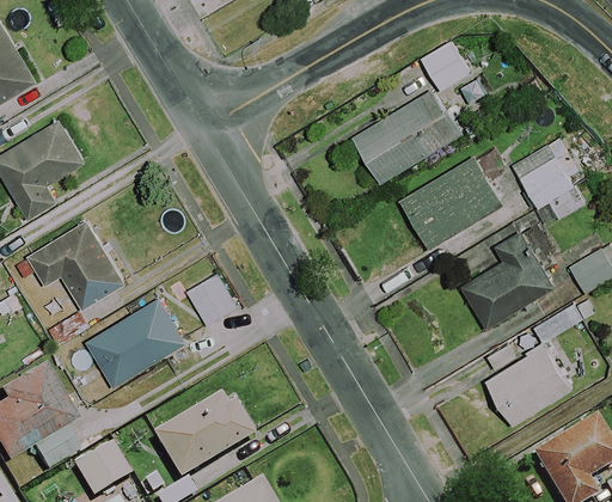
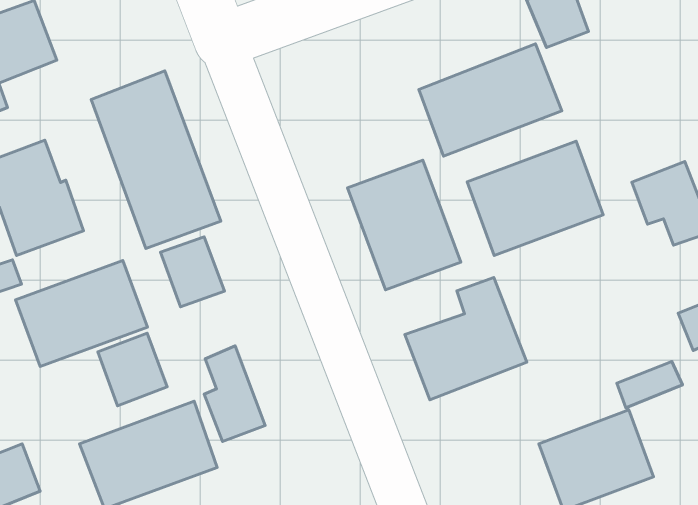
building: none -> [91,71,221,248]
building: none -> [347,160,461,290]
building: [460,231,552,327] -> [405,278,527,400]
building: none -> [204,346,265,442]
building: none -> [98,333,167,406]

